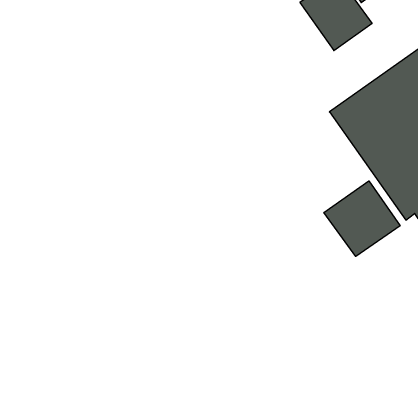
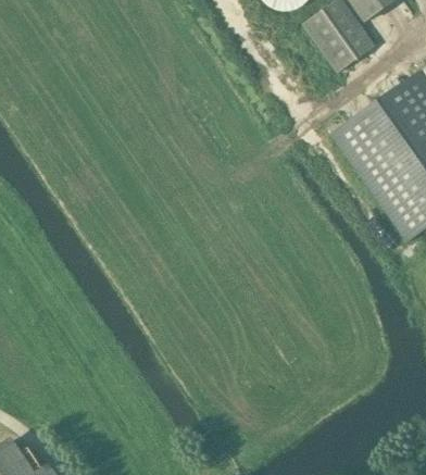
building: [324,181,400,256] -> none

